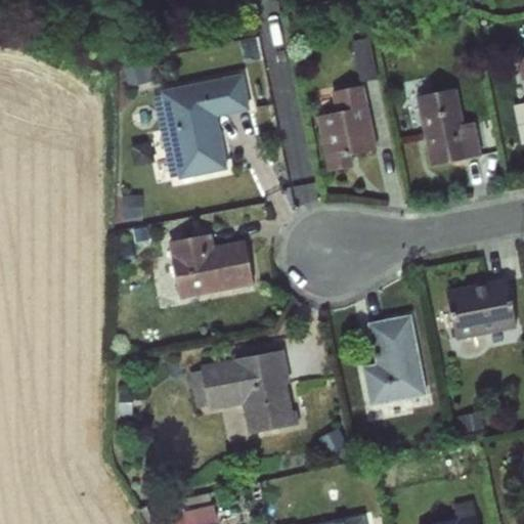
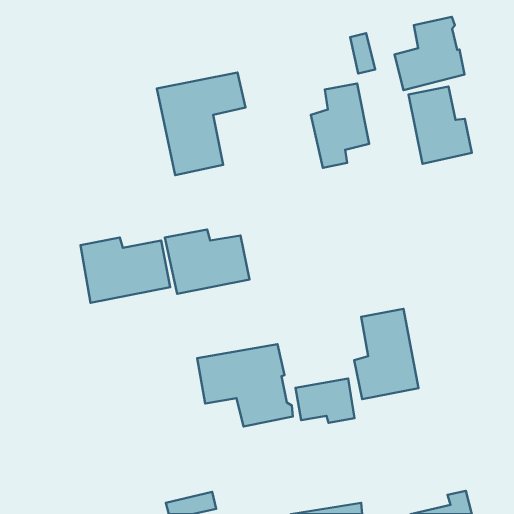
building: none -> [394,17,465,90]
building: none -> [80,238,170,303]
building: [446,278,517,339] -> none
building: none -> [295,378,354,423]

